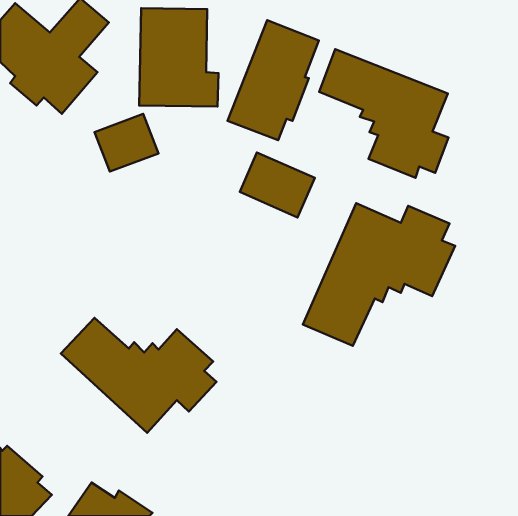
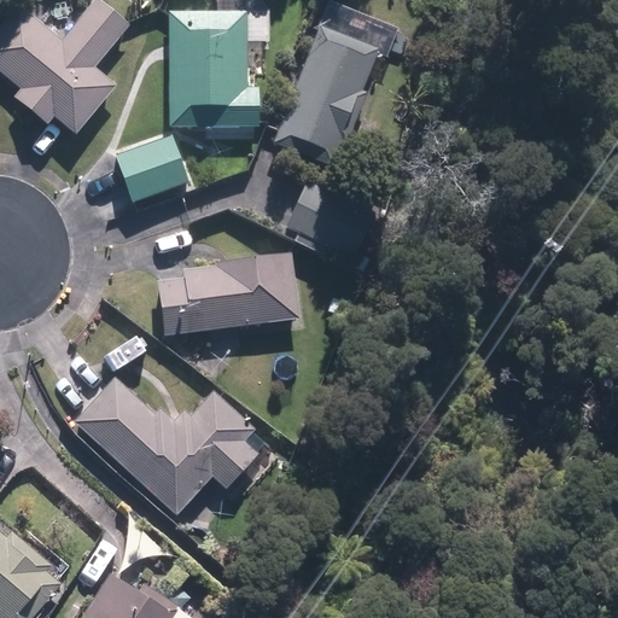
building: [319,49,449,178] -> none
building: [303,203,455,346] -> none
building: none -> [157,255,297,336]

